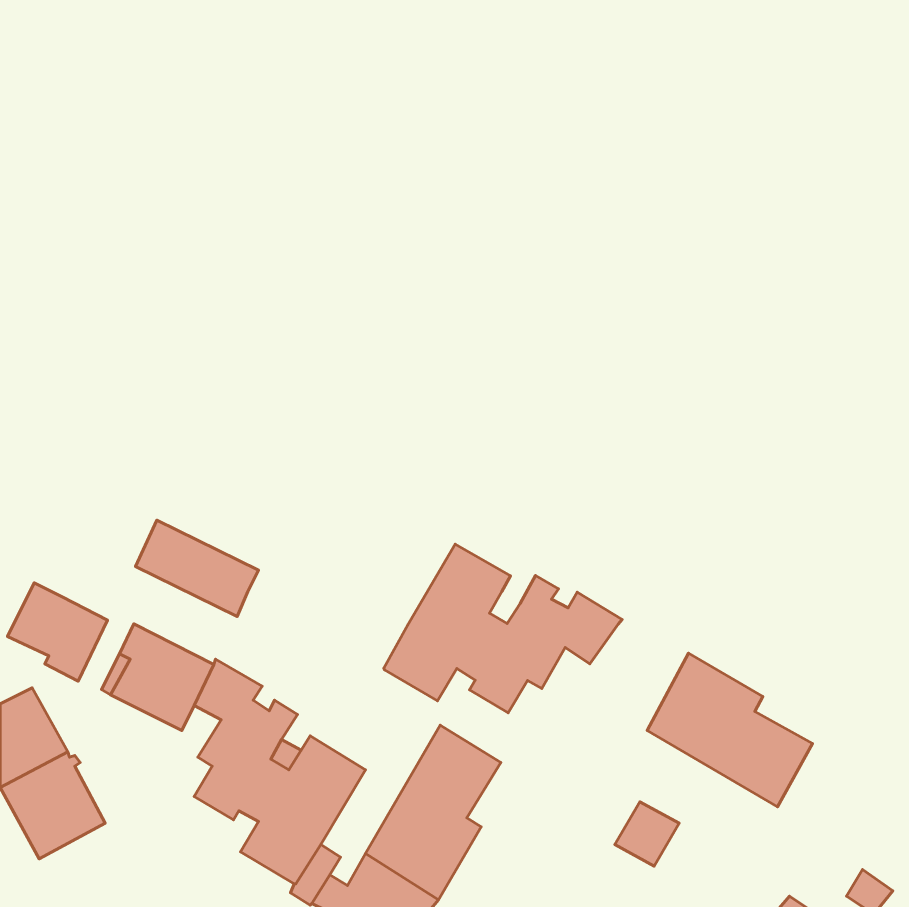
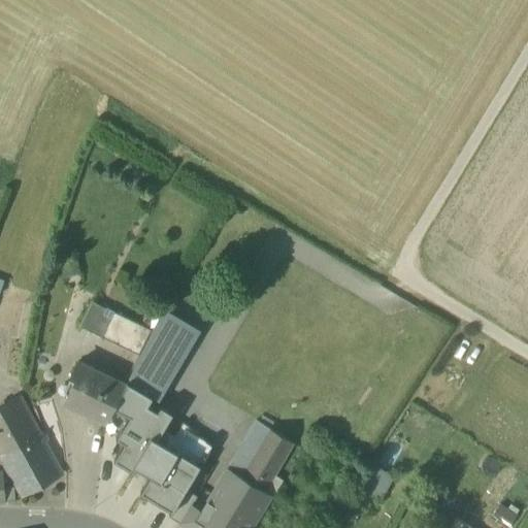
building: none -> [128,311,199,401]
building: [384,544,622,713] -> none
building: [7,583,108,681] -> none
building: [647,653,812,807] -> none

